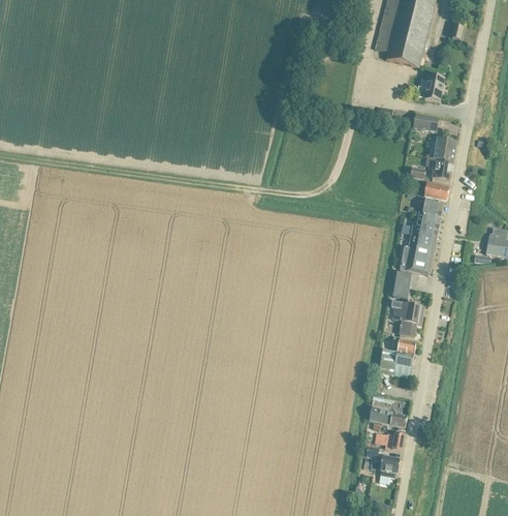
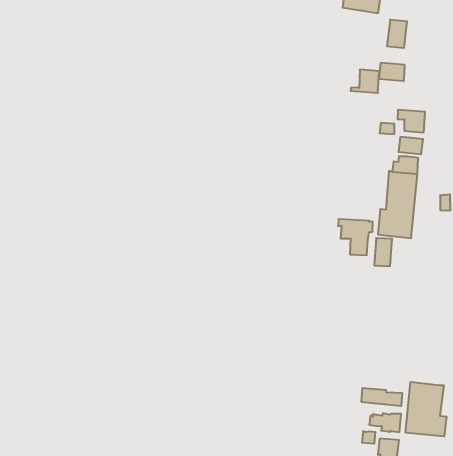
building: [426,138,454,160] -> [351,70,379,93]
building: [389,300,421,335] -> [338,219,373,255]
building: [377,337,414,377] -> none
building: none -> [406,382,447,436]

